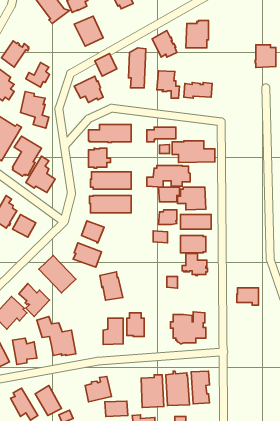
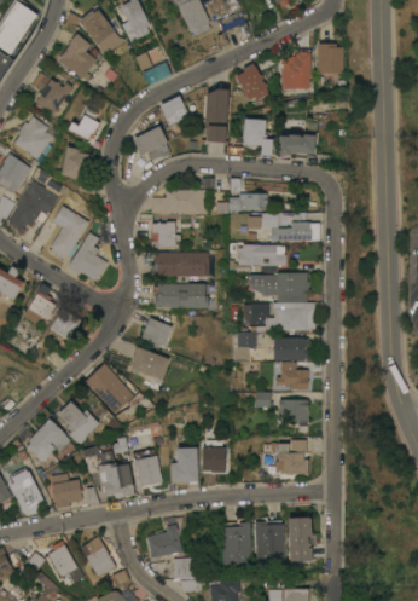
building: none -> [58,34,95,81]
building: [255,45,276,67] -> [315,44,343,74]
building: [100,272,123,300] -> [132,449,162,486]
building: [237,288,258,305] -> [278,400,307,423]

